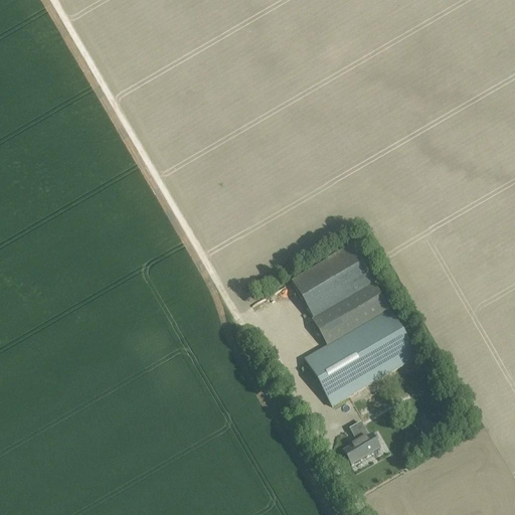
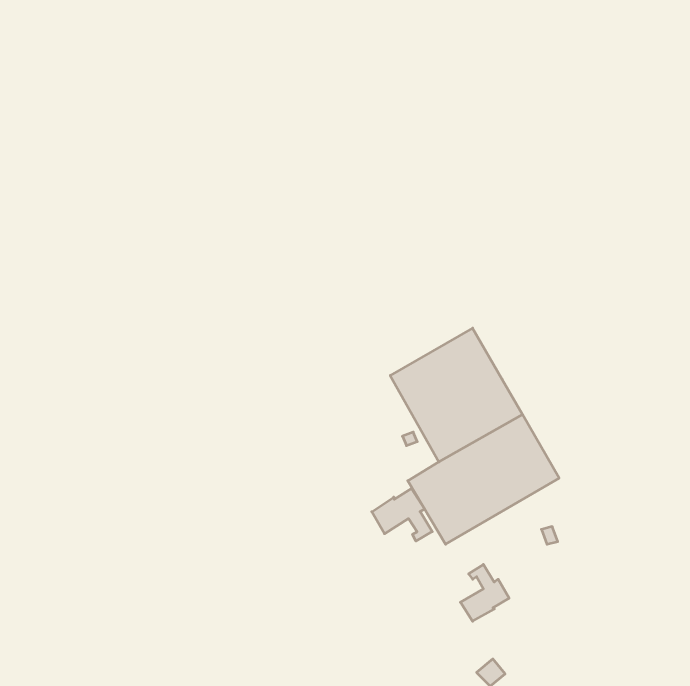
building: none -> [372,488,432,541]

